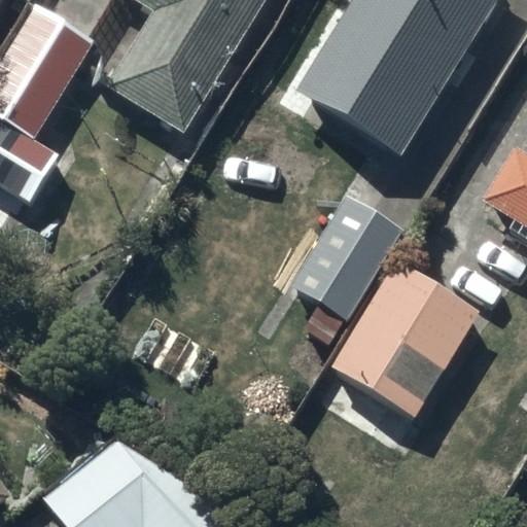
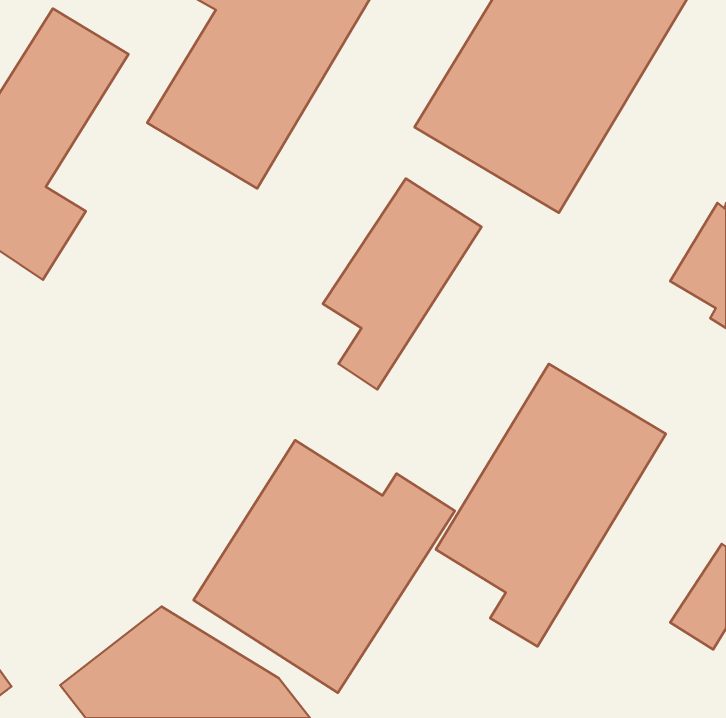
building: [289,195,403,347] -> [323,178,482,390]
building: none -> [194,440,455,693]

